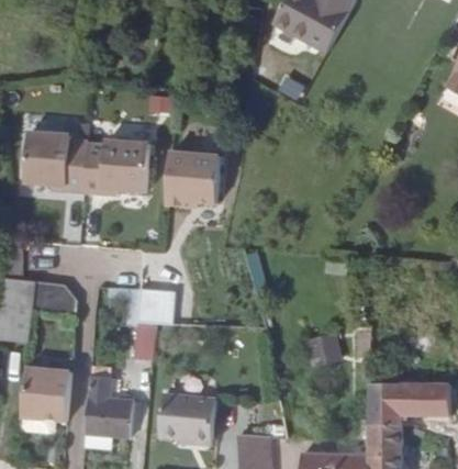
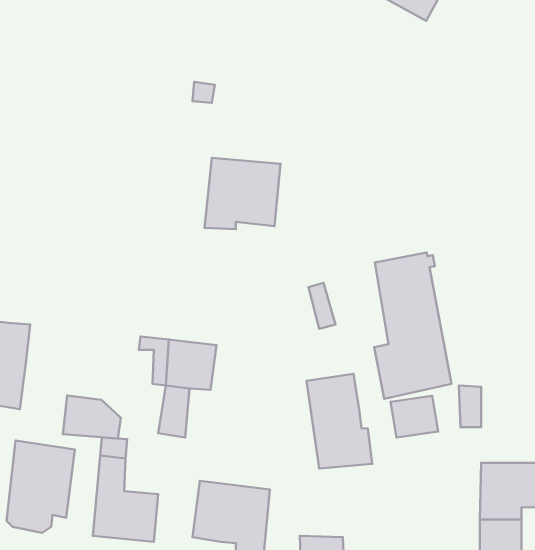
building: [25,133,154,192] -> none
building: none -> [374,252,452,399]
building: [35,278,78,310] -> [63,395,121,439]
building: none -> [307,374,372,469]

